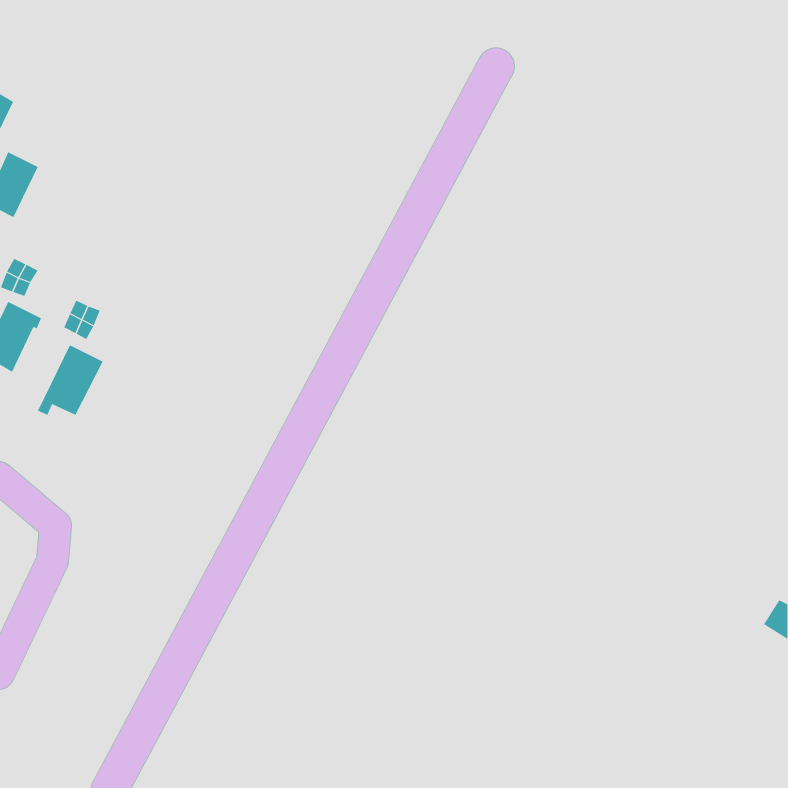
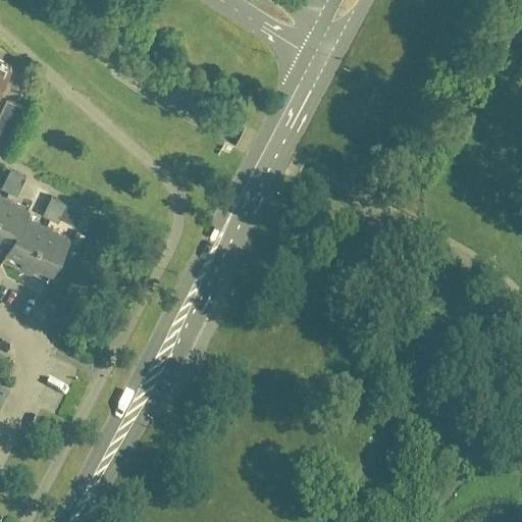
building: none -> [5,217,46,272]

